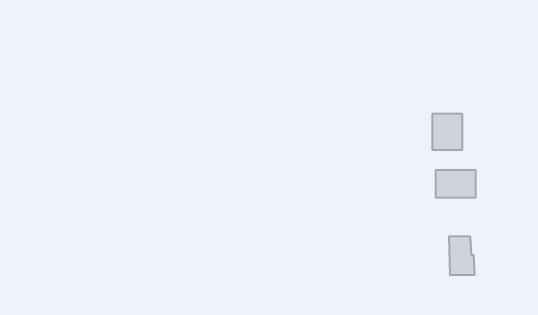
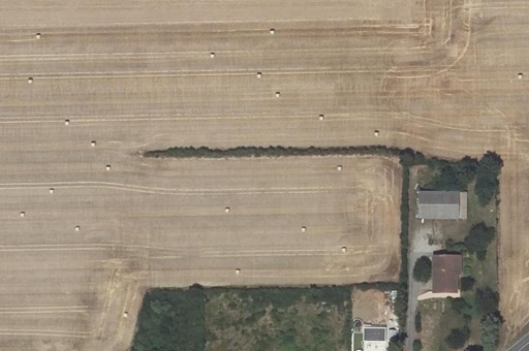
building: [432,114,462,150] -> none

